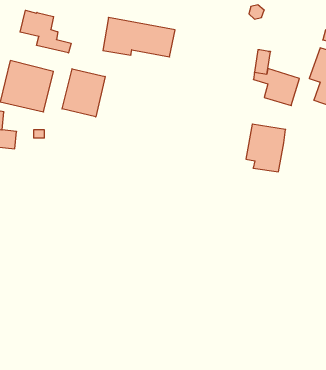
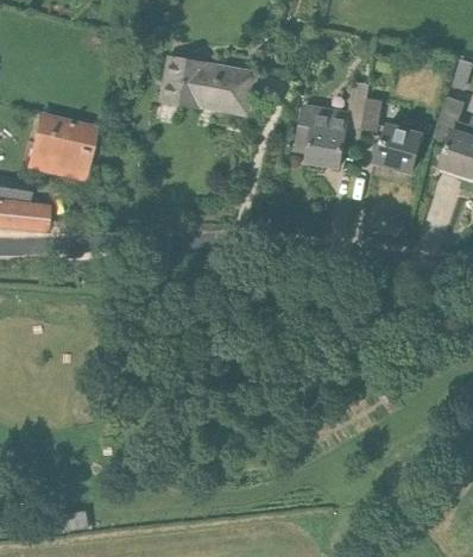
building: [20,10,71,53] -> none
building: [62,69,105,117] -> none
building: [246,124,286,172] -> [296,104,348,167]

